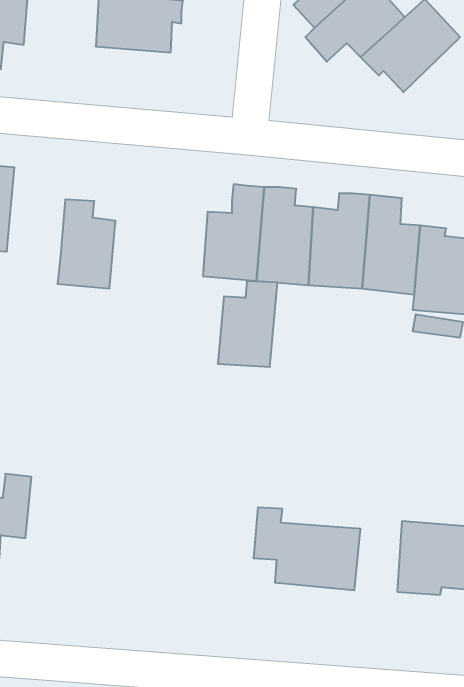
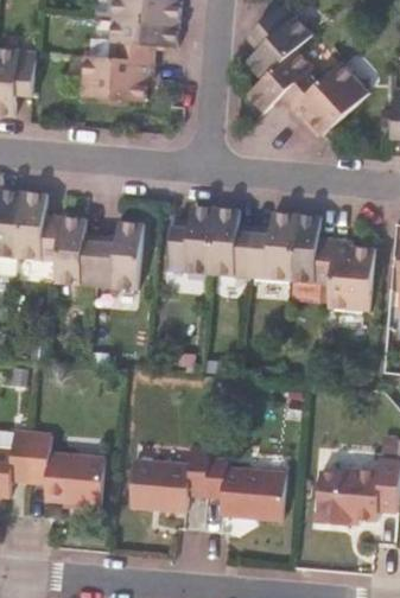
building: none -> [14,192,59,261]
building: [218,281,278,367] -> [94,222,140,288]
building: none -> [28,432,104,503]
building: none -> [131,447,209,511]

